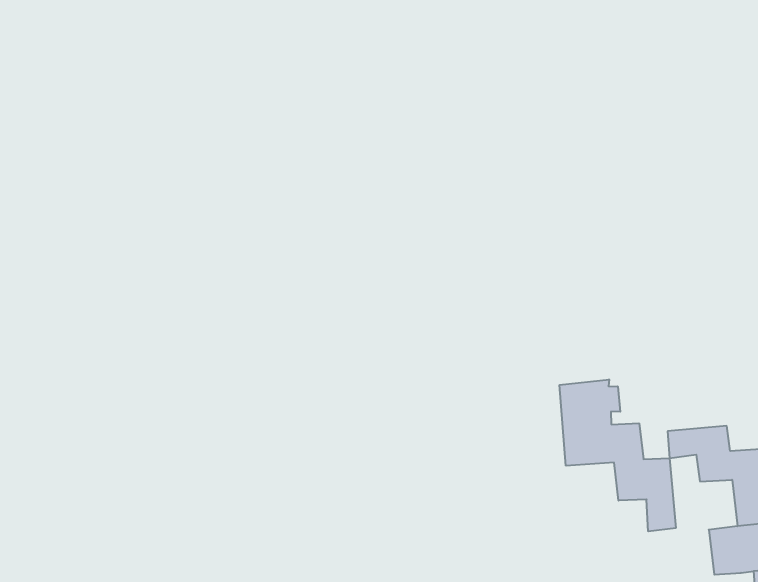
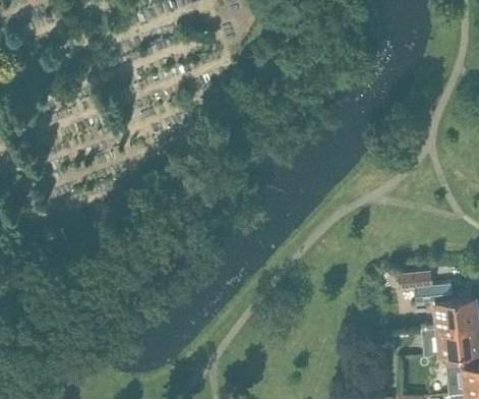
building: [560,379,676,531] -> none

